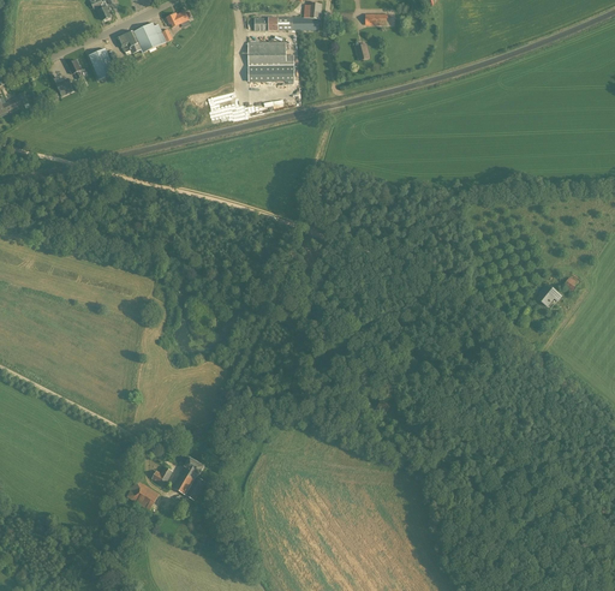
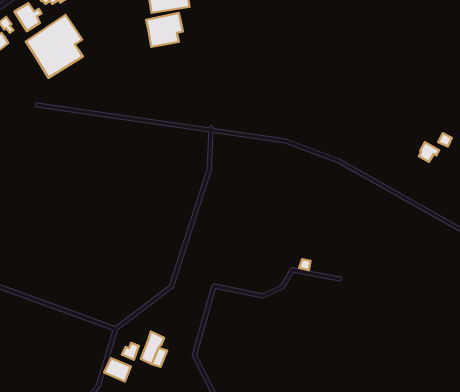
building: none -> [26,15,83,78]
building: none -> [146,13,183,47]

